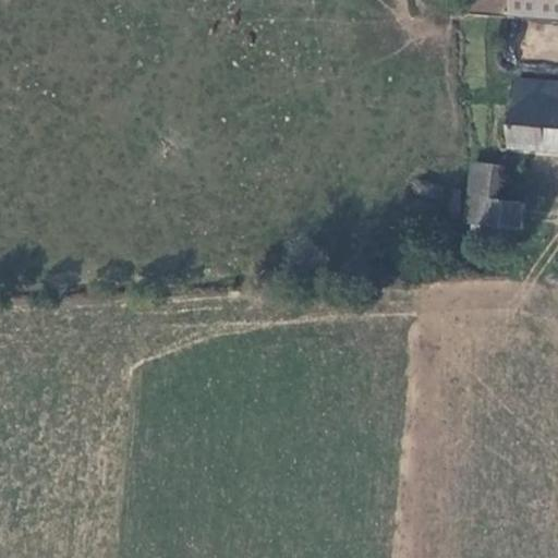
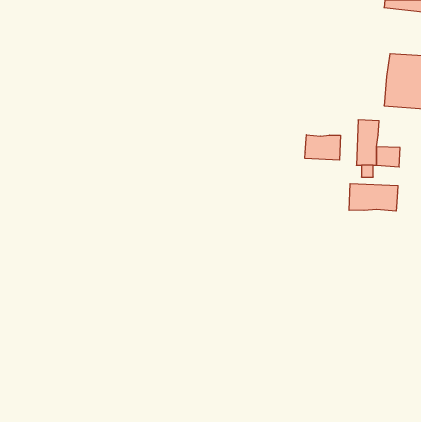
building: none -> [305,135,340,160]
building: none -> [349,184,398,211]

